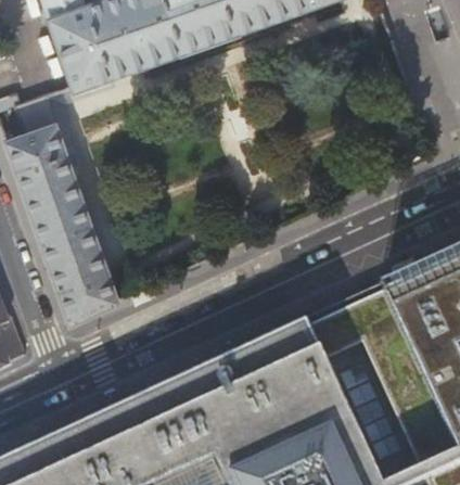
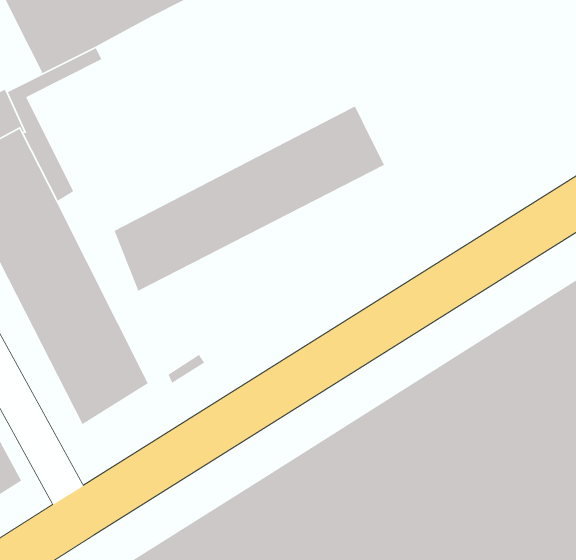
building: none -> [114,105,385,292]

